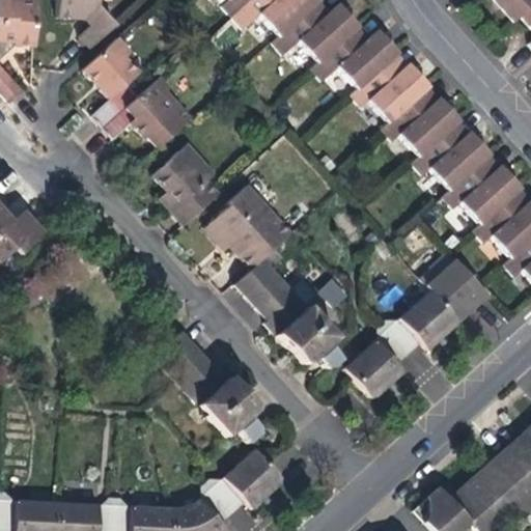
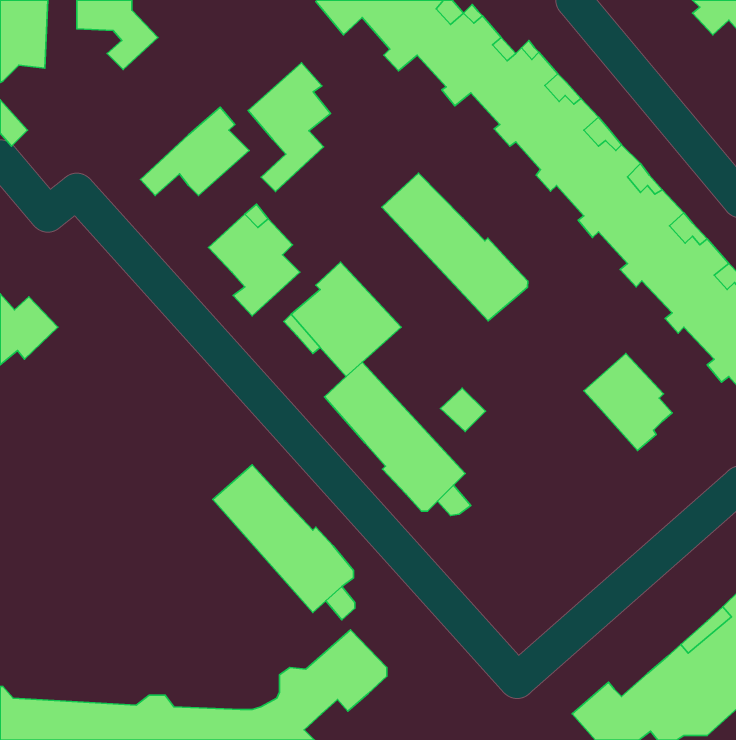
building: [84,36,143,129] -> [248,63,331,192]
building: none -> [382,173,528,321]
building: [344,291,459,398] -> none

